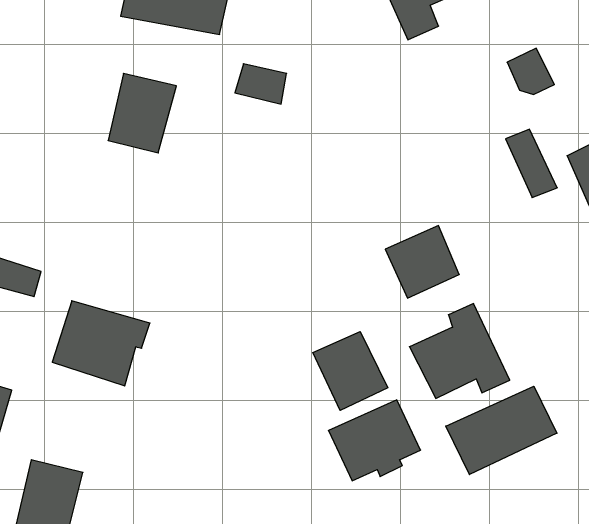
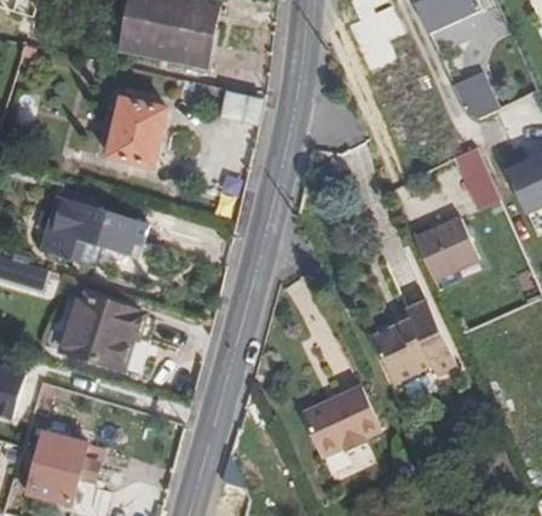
building: none -> [41,197,151,263]
building: [385,226,459,298] -> [415,217,479,280]
building: [313,332,388,410] -> none
building: [446,386,557,475] -> none

